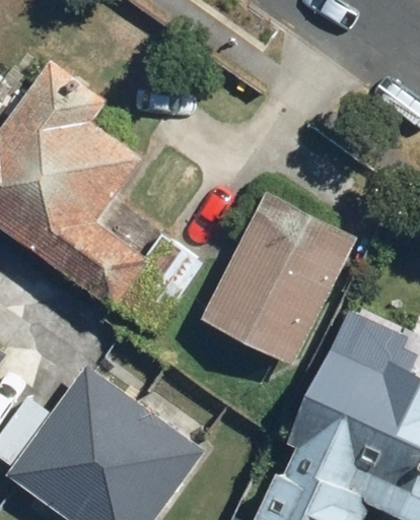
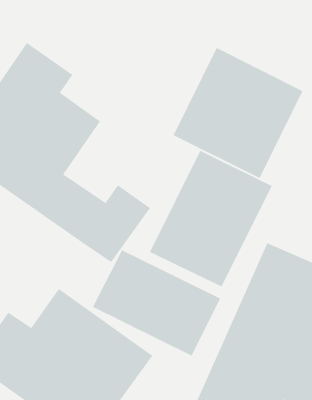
building: none -> [173,47,303,179]
building: none -> [92,250,221,357]

